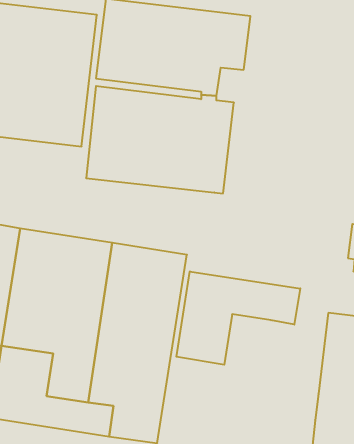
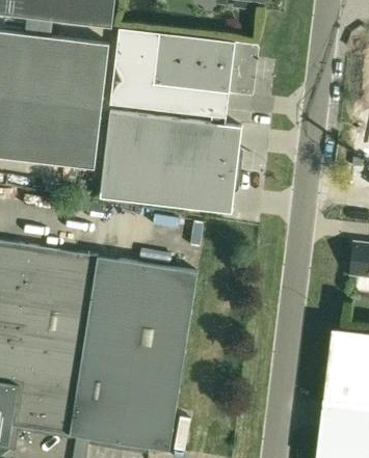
building: [176,271,300,365] -> none

